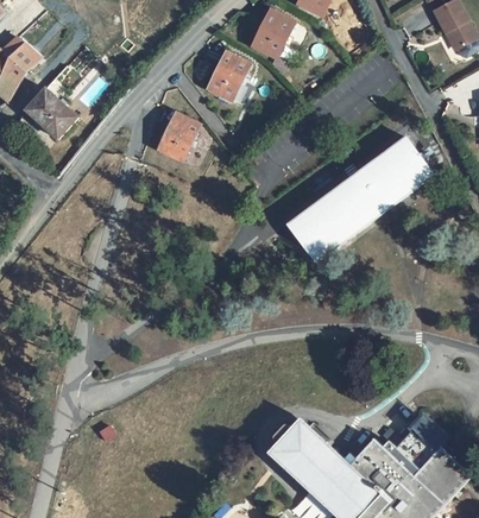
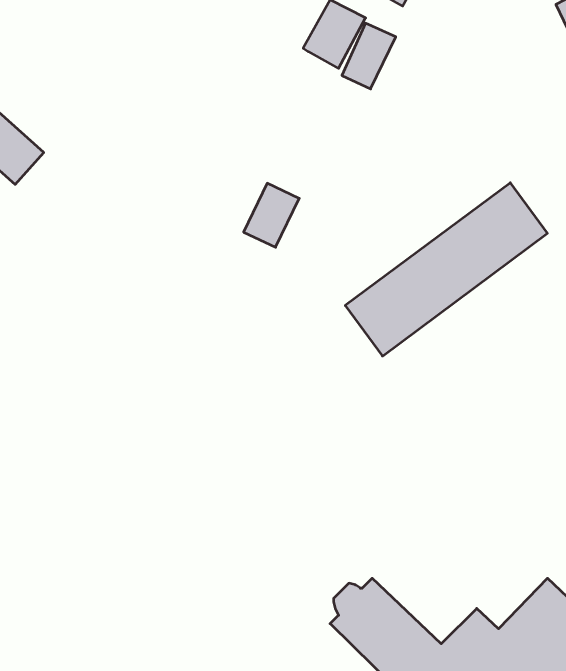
building: [213,51,251,97] -> [342,23,396,89]
building: [162,113,201,158] -> [244,183,299,247]

